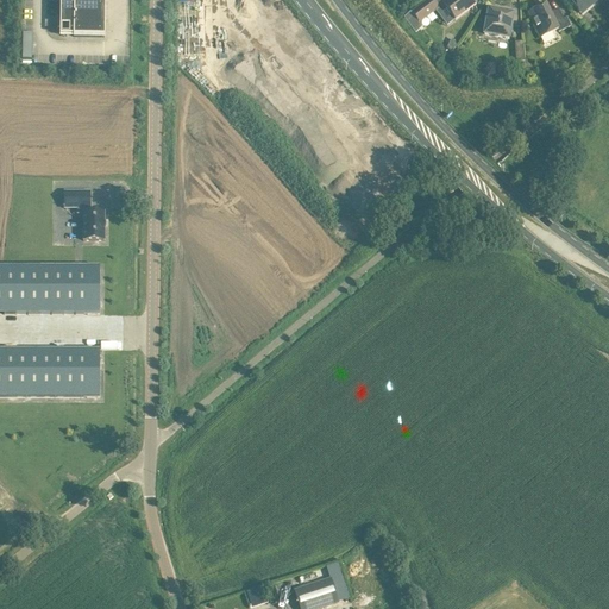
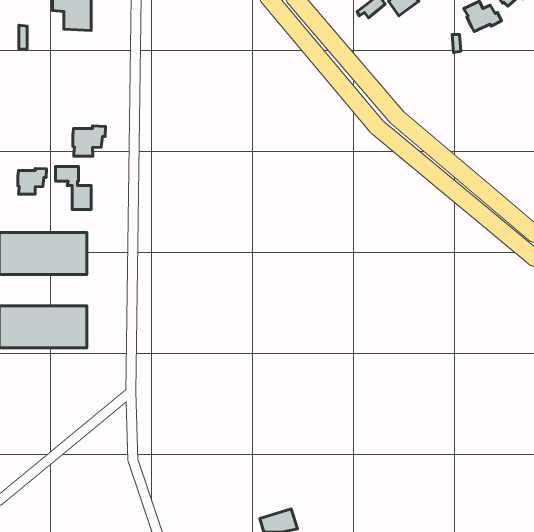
building: [483,7,511,36] -> none
building: none -> [73,126,105,156]
building: none -> [18,168,46,194]

